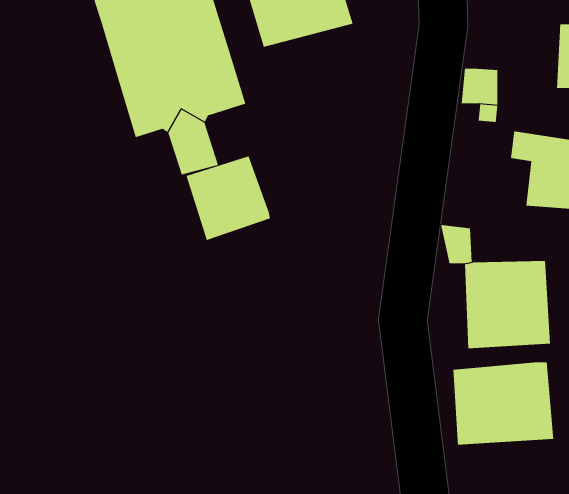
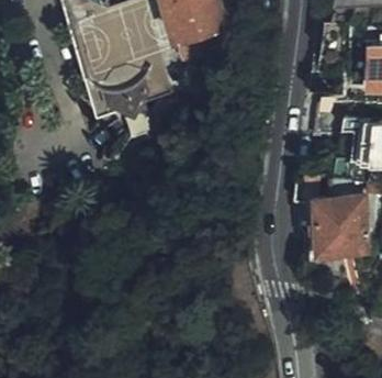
building: [186,155,271,241] -> none
building: [453,362,554,446] -> none

